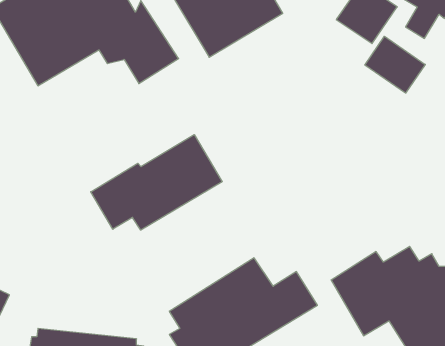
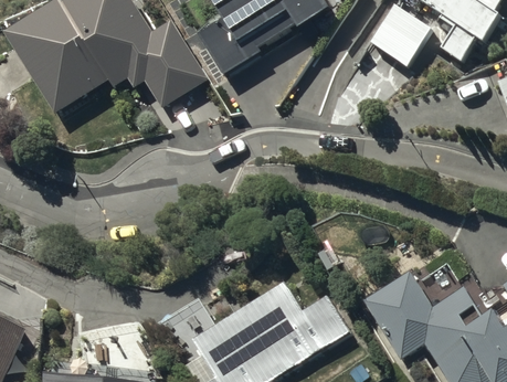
building: [365,36,425,93] -> none
building: [91,135,222,230] -> none

